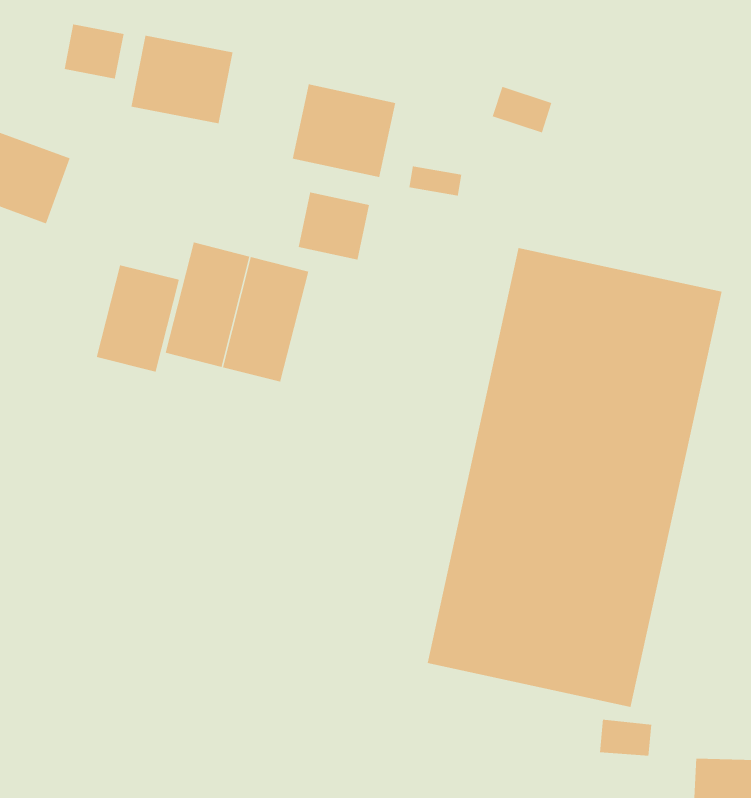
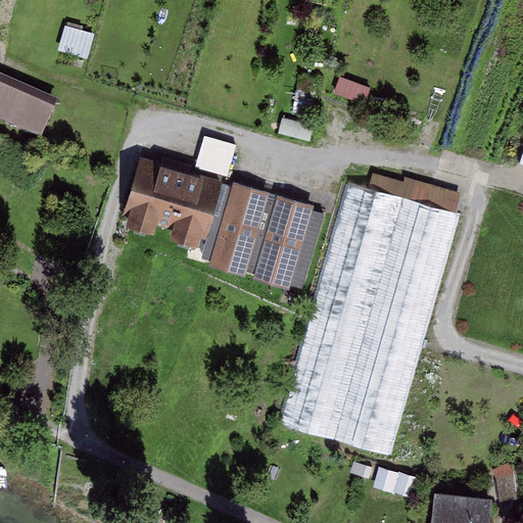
building: [131,35,233,124] -> none
building: [292,84,396,178] -> none
building: none -> [208,177,326,288]
building: [96,264,179,372] -> none

